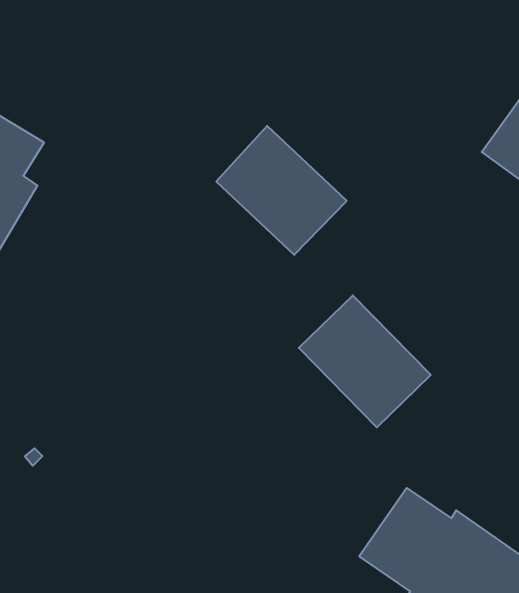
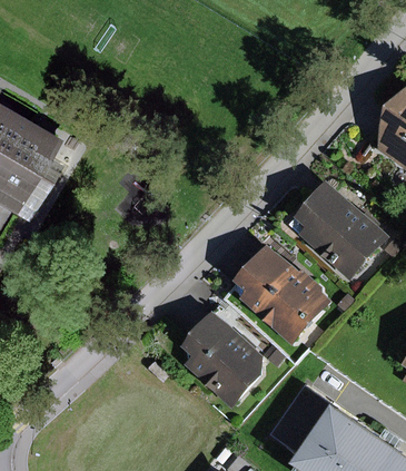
building: [216,126,347,255] -> [288,190,379,281]
building: none -> [178,316,265,404]

